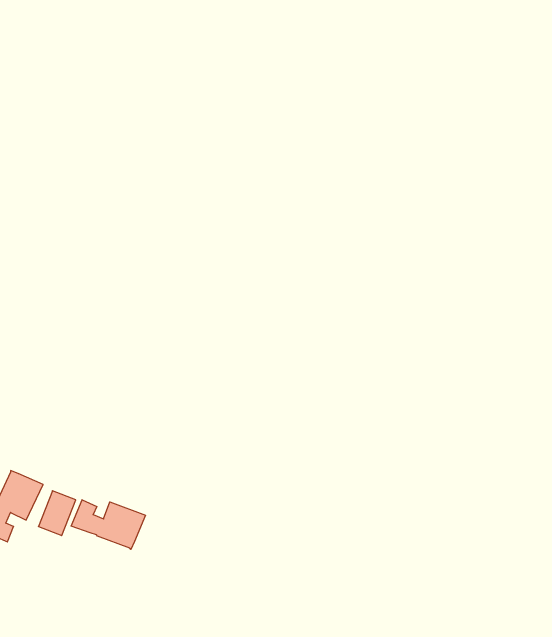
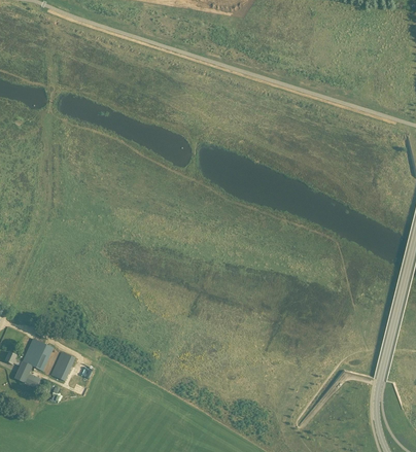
building: [71,500,145,549] -> none

